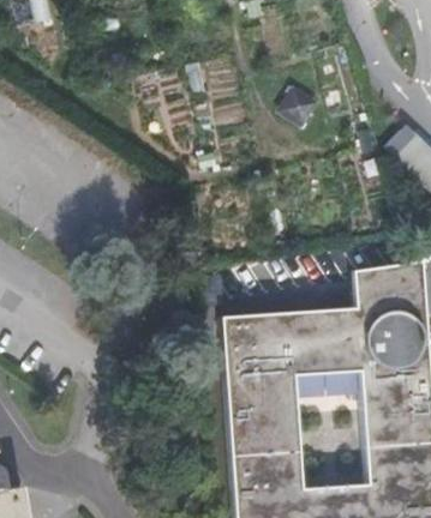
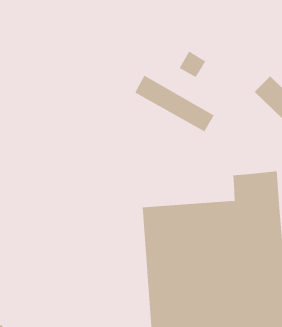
building: none -> [134,75,215,132]

